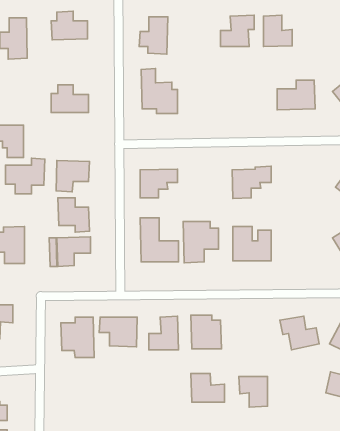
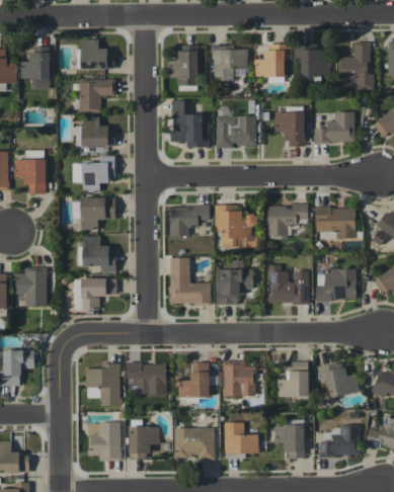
building: none -> [337,42,371,89]
building: none -> [213,45,248,80]
building: none -> [79,79,114,111]
building: none -> [274,111,304,146]
building: none -> [216,115,256,148]
building: [6,158,45,194] -> [72,155,113,192]
building: none -> [214,206,256,249]
building: none -> [316,207,356,238]
building: none -> [316,268,356,299]
building: none -> [278,361,309,396]
building: none -> [87,422,121,459]
building: none -> [319,424,359,456]
building: none -> [129,426,160,459]
building: none -> [173,427,214,458]

